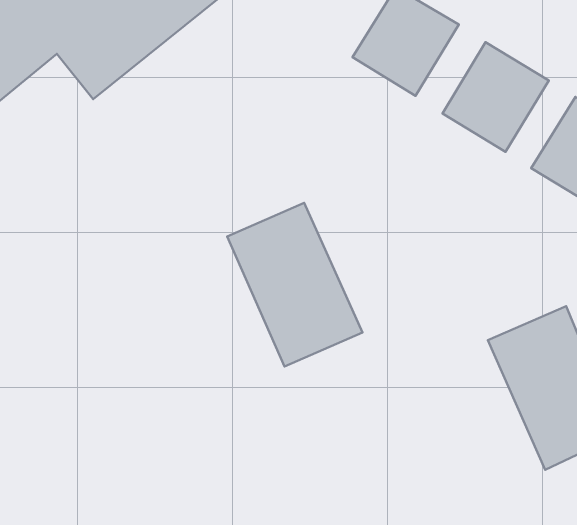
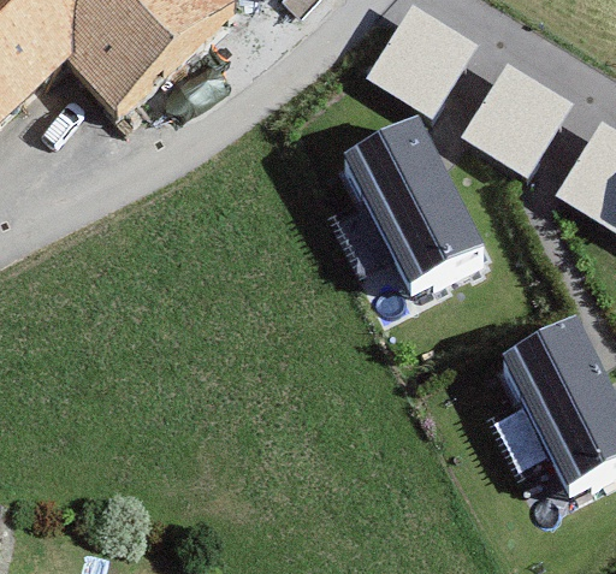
building: [227,203,363,366] -> [349,129,488,297]

